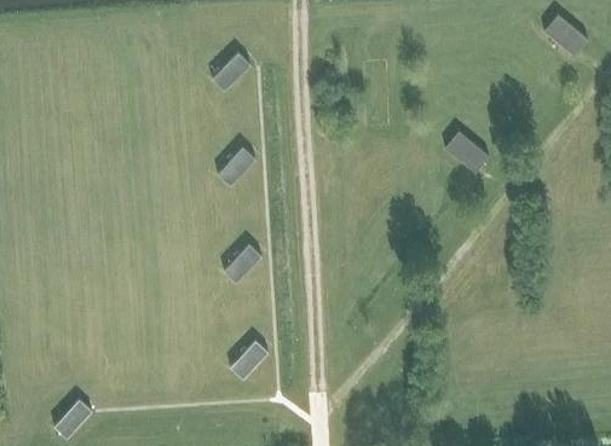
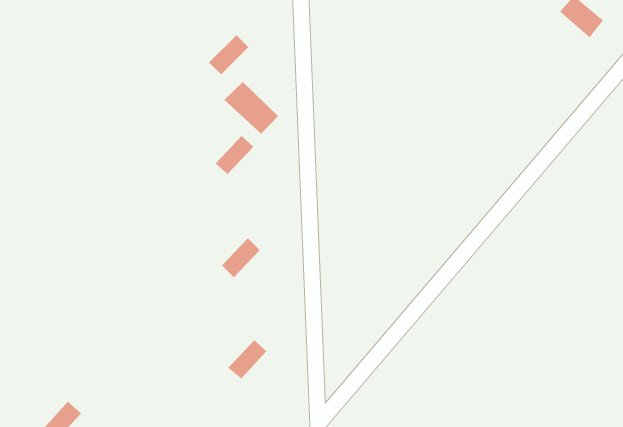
building: none -> [224,81,279,135]
building: [444,131,486,173] -> none

